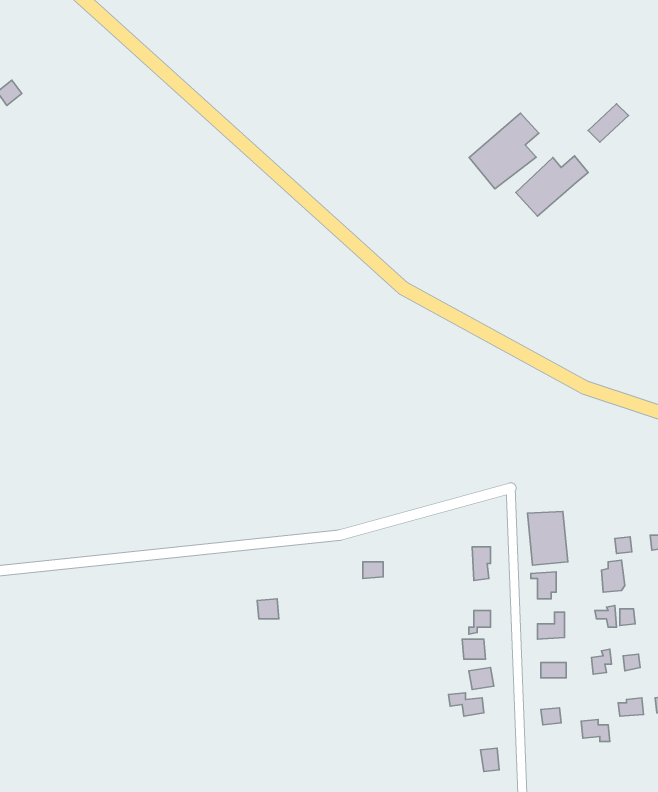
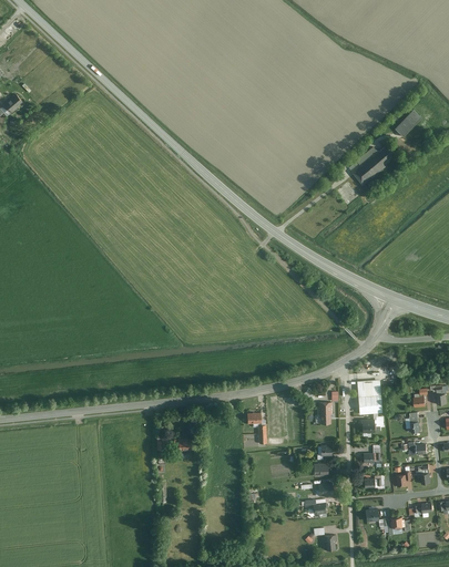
building: [469,113,539,189] -> none

